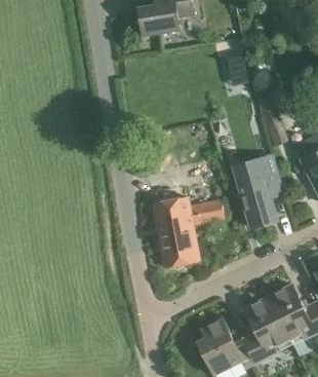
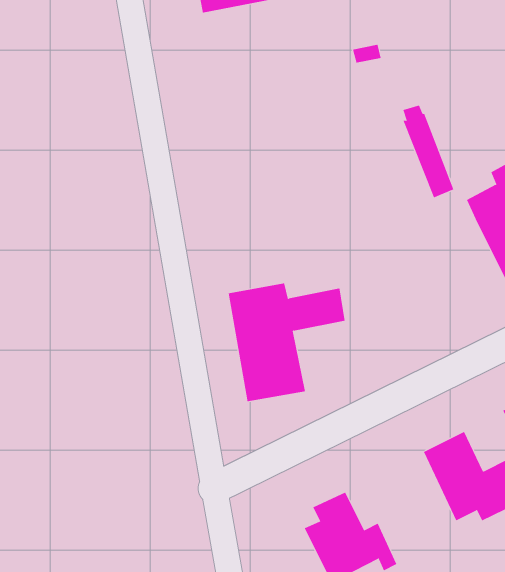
building: [234,155,282,227] -> none
building: [242,297,288,364] -> none

